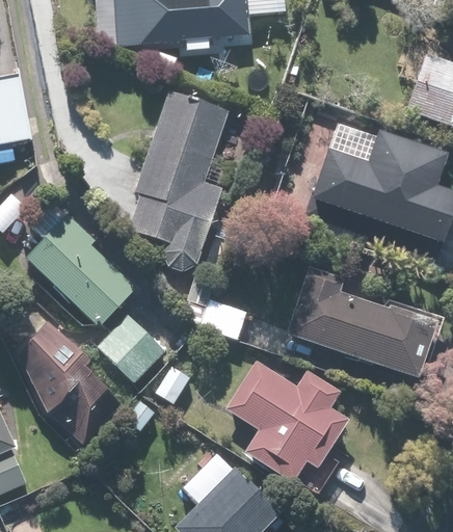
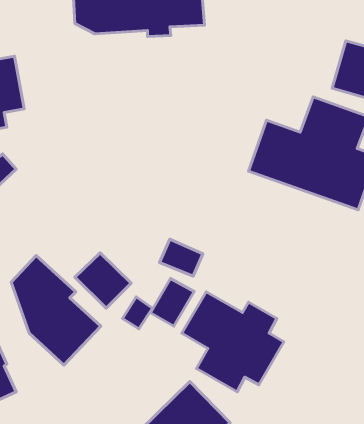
building: [127,90,229,271] -> none
building: [22,200,135,328] -> none
building: [257,264,439,379] -> none
building: none -> [150,279,194,326]

